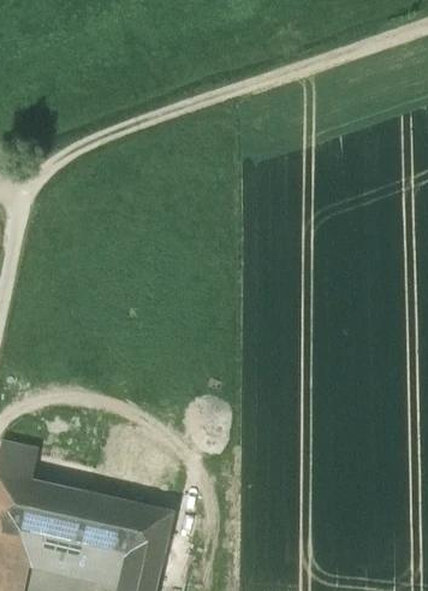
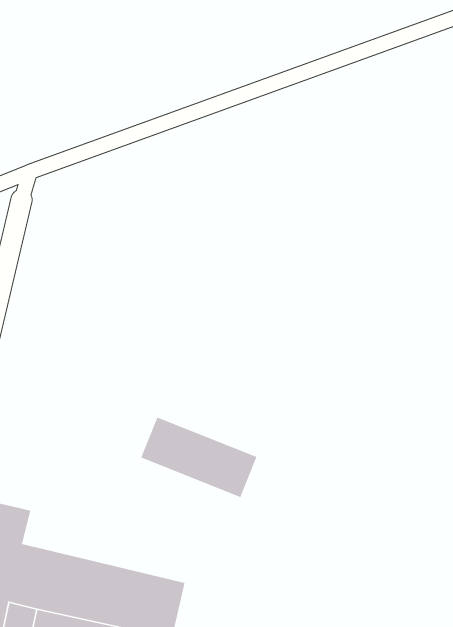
building: none -> [140,416,258,498]

